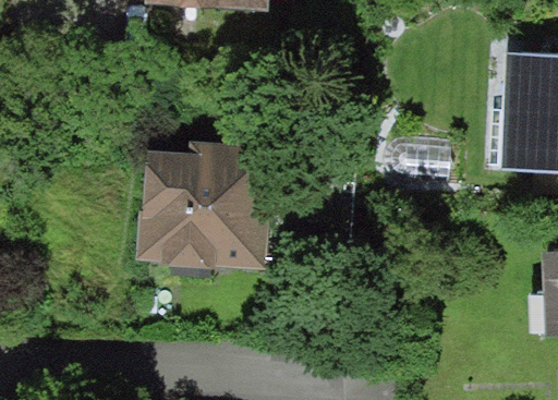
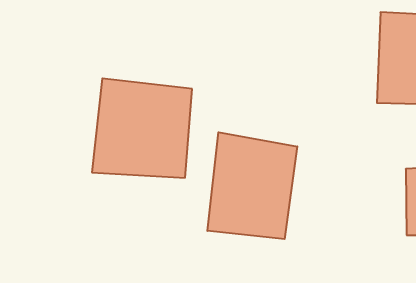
building: none -> [207,132,297,239]

